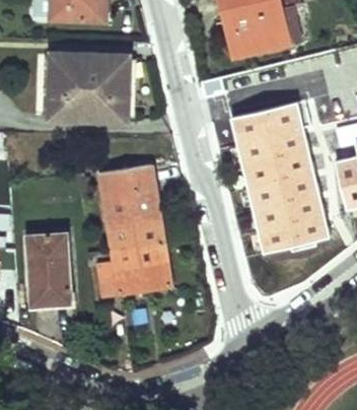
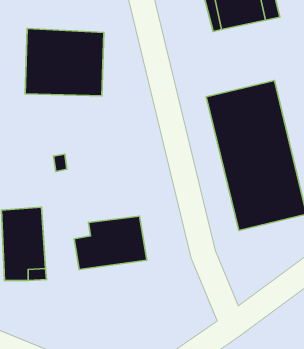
building: [100,161,163,246] -> none

